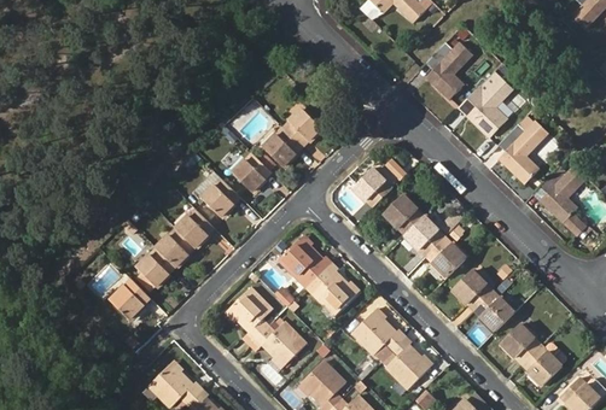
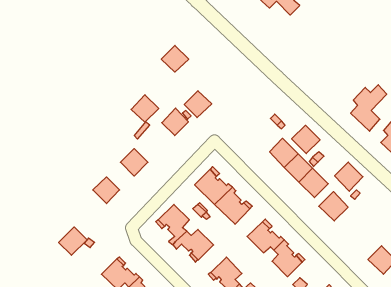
building: [426,41,472,99] -> none
building: [459,72,512,136] -> none
building: [284,109,322,146] -> [161,45,189,72]
building: [352,168,392,207] -> [292,125,320,154]
building: [202,177,240,216] -> [131,95,159,122]
building: [156,228,194,266] -> none
building: [110,279,150,318] -> [59,227,87,255]
building: [474,291,514,332] -> [335,162,363,191]
building: [501,323,541,364] -> none

